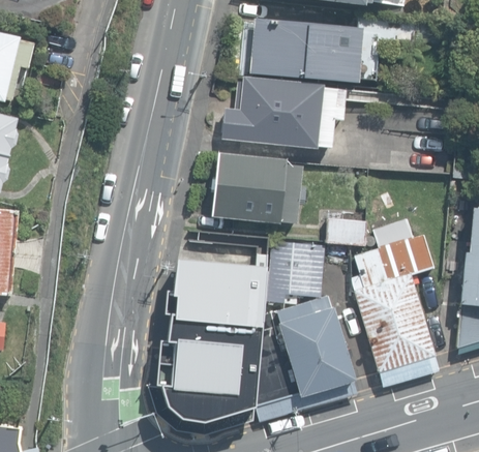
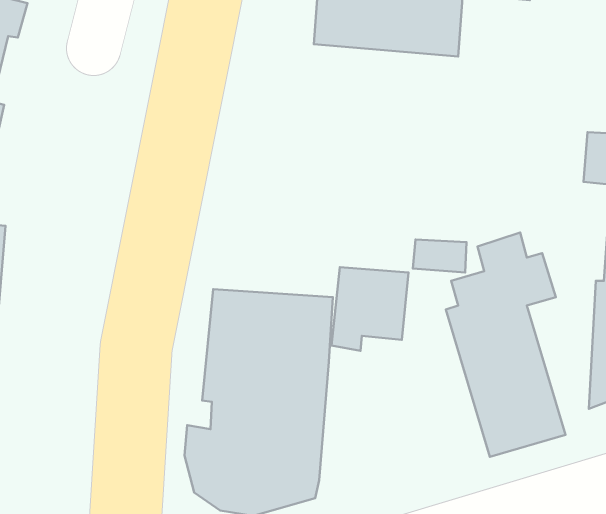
building: [221,77,343,149] -> none
building: [210,153,302,223] -> none
building: [255,295,356,421] -> none

